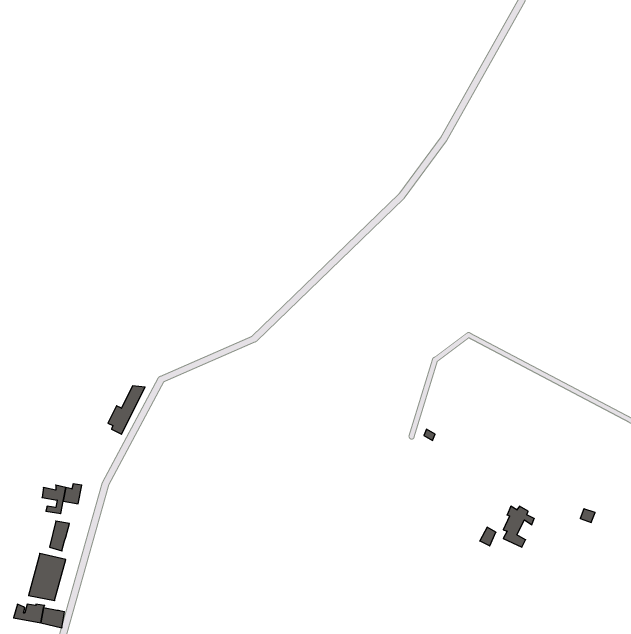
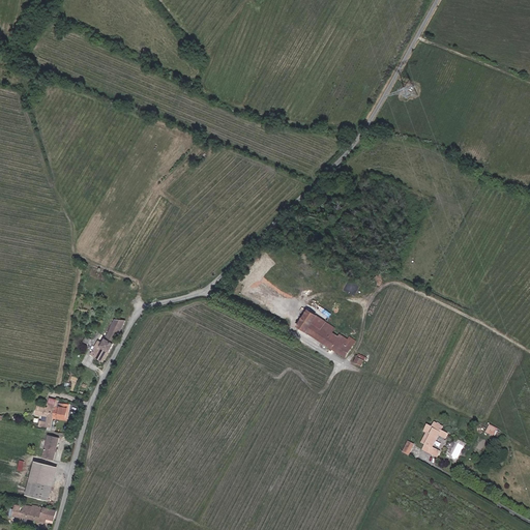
building: none -> [296,310,355,357]

